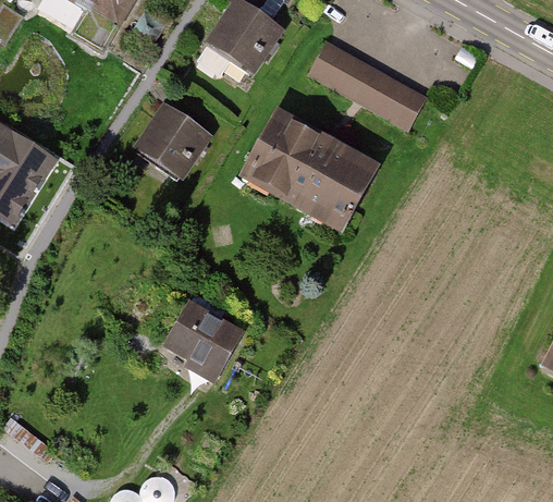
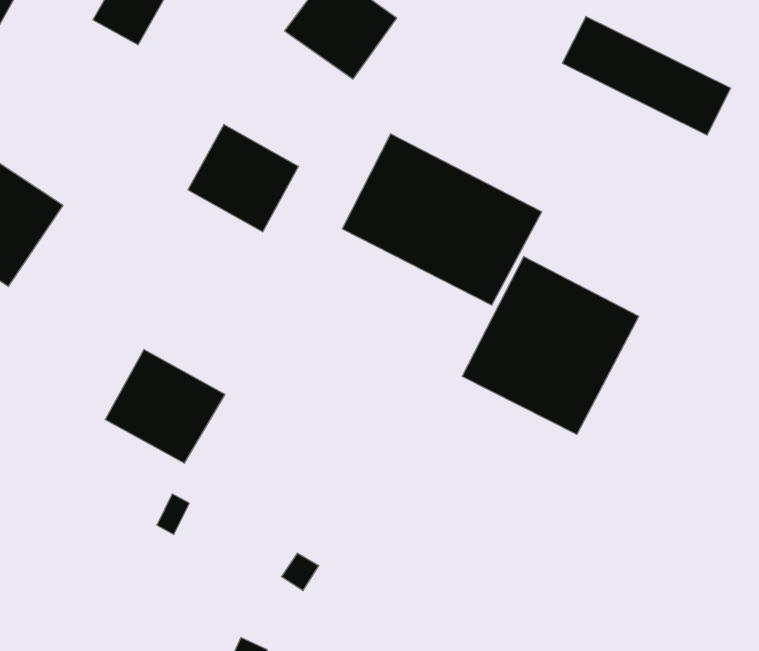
building: [308,39,426,122] -> [562,16,731,135]
building: none -> [462,256,639,434]
building: [159,301,243,380] -> [105,349,225,463]

